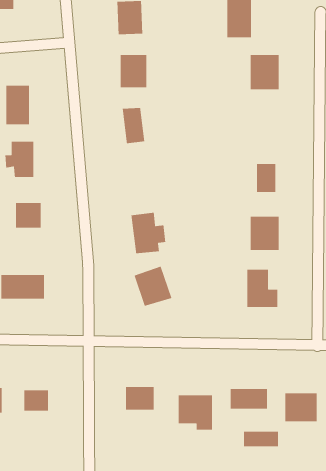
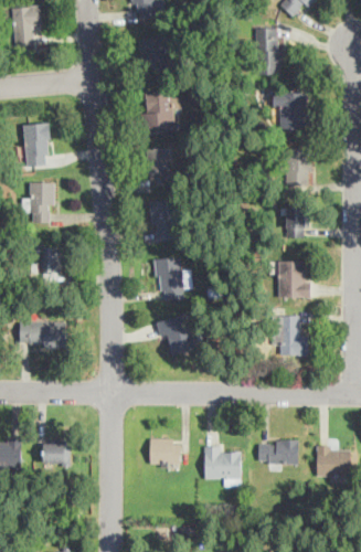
building: none -> [286,149,310,185]
building: none -> [150,201,177,242]
building: [243,431,279,447] -> none

